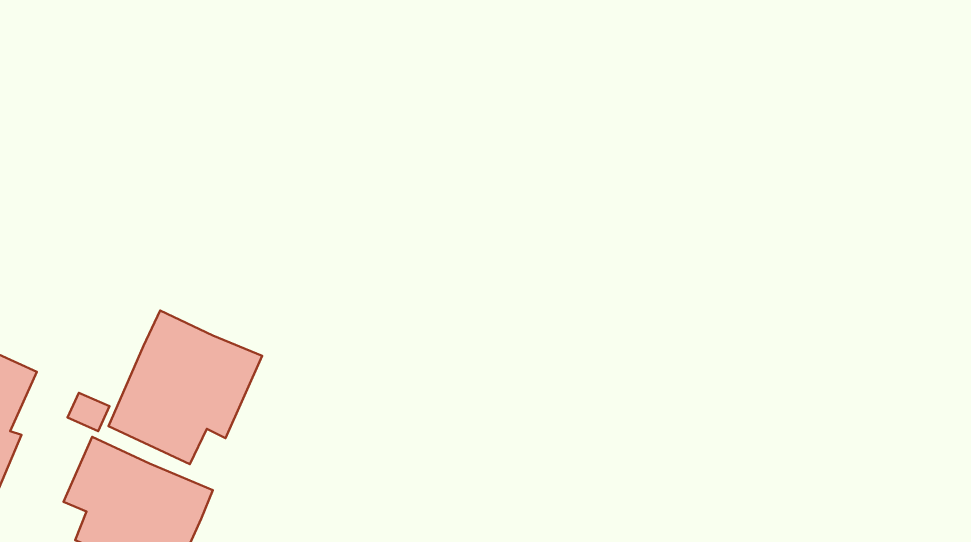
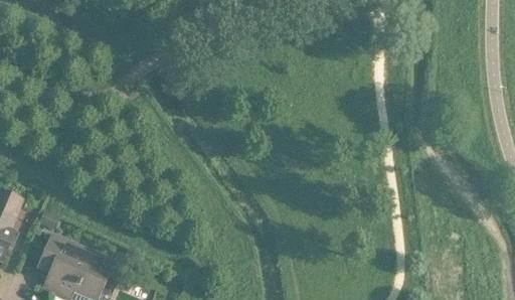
building: [108,311,262,464] -> none

